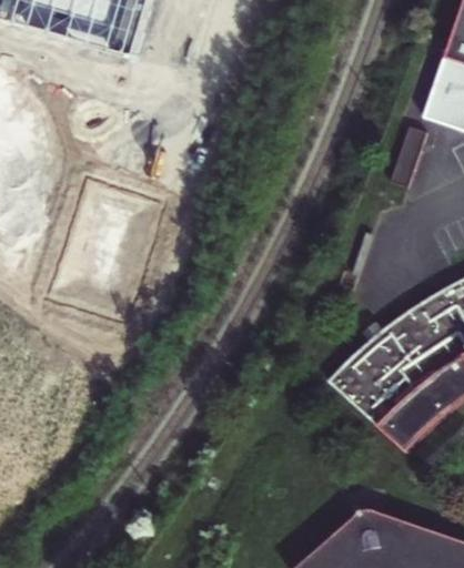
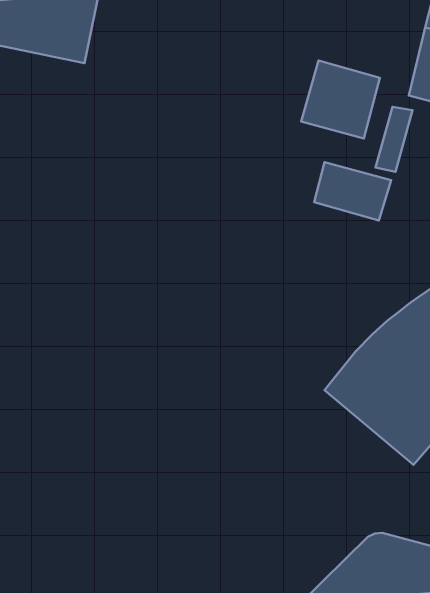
building: none -> [301,60,380,138]
building: none -> [314,162,391,221]

